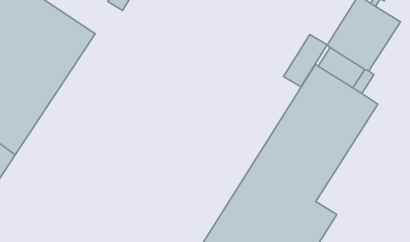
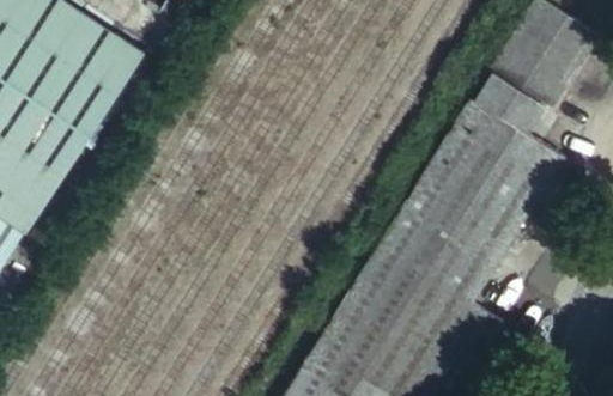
building: [284,35,327,87] -> none

